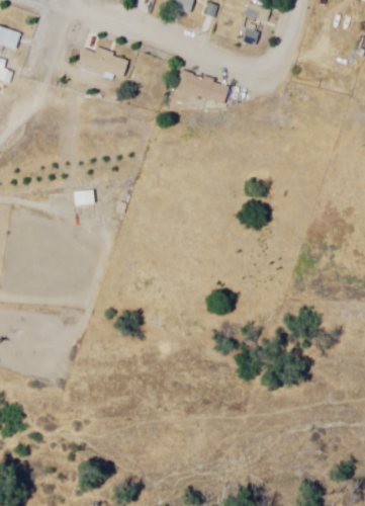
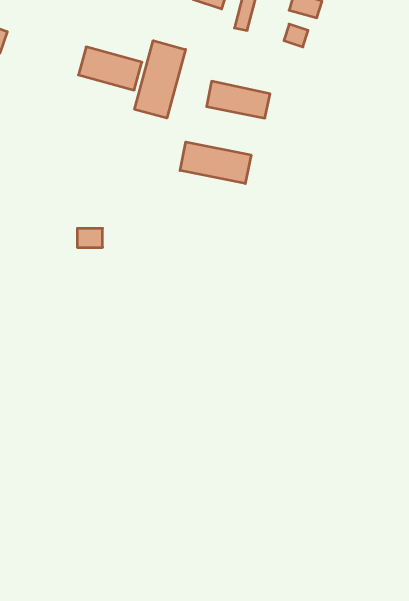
building: none -> [135,41,186,118]
building: none -> [180,142,251,184]

